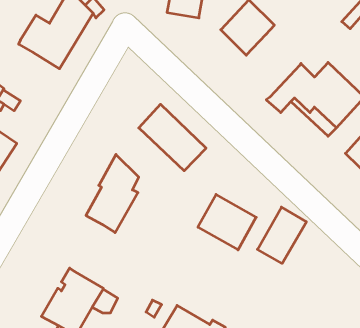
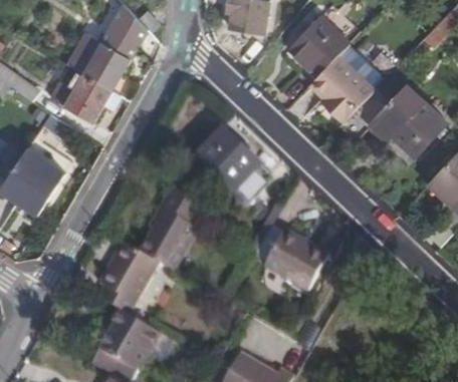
building: none -> [309,51,377,120]
building: none -> [50,71,122,121]
building: [257,207,306,263] -> none
building: none -> [98,243,159,313]

